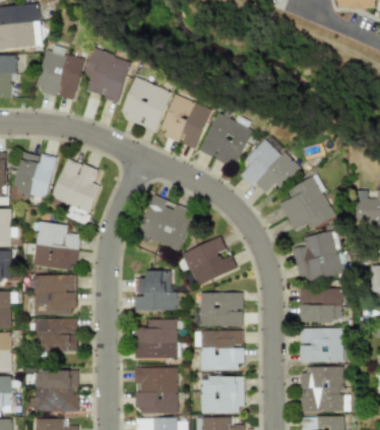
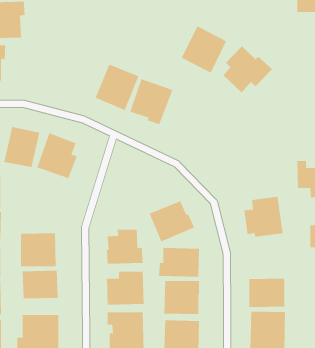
building: [36,45,84,100] -> none
building: [82,49,132,104] -> none
building: [199,112,253,168] -> [181,26,227,74]
building: [242,139,301,195] -> [223,46,273,93]
building: [279,174,338,231] -> none
building: [136,194,196,252] -> none
building: [34,221,79,270] -> none
building: [299,288,342,322] -> none

